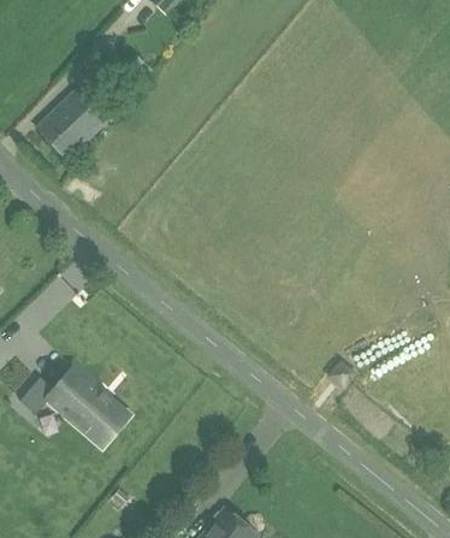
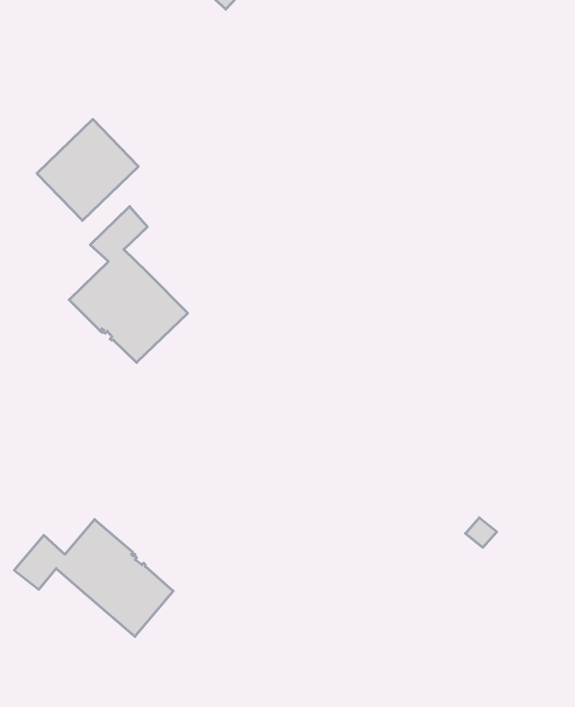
building: none -> [69,206,188,363]

